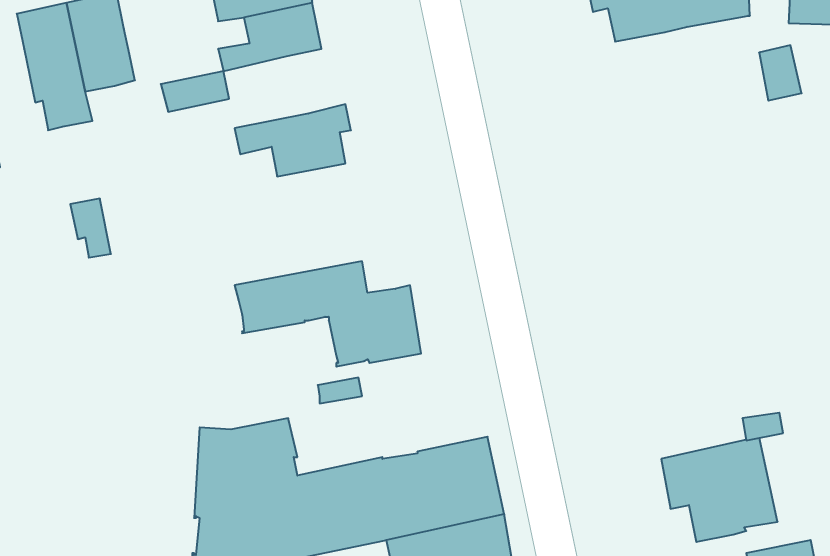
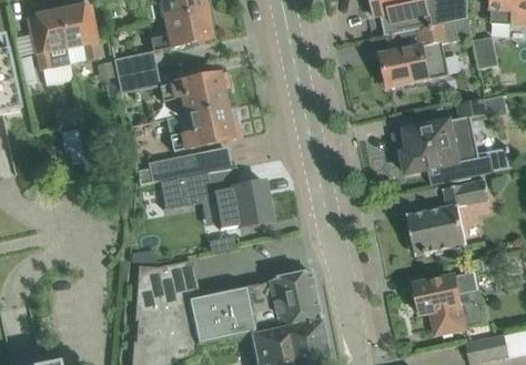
building: none -> [381,17,471,85]
building: none -> [119,67,159,92]
building: none -> [393,98,493,182]
building: none -> [165,105,239,150]
building: none -> [136,146,231,183]
building: none -> [407,178,489,253]

